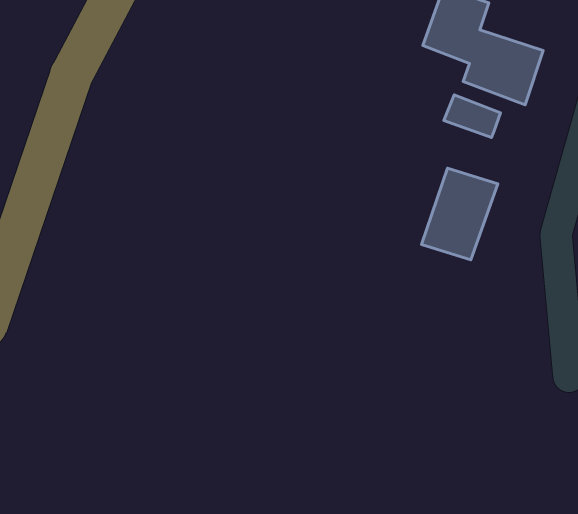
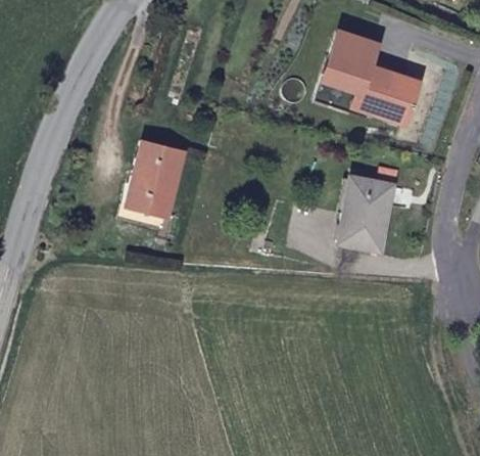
building: [444,95,501,137] -> [328,77,373,110]
building: none -> [111,143,178,234]

